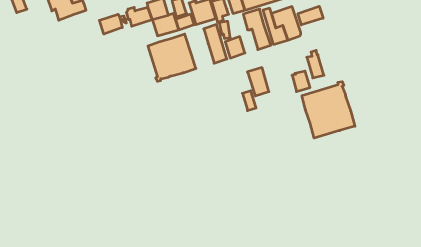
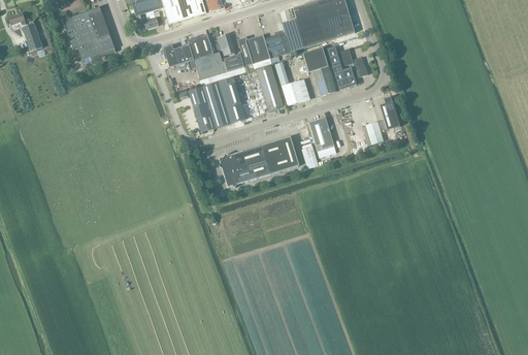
building: [298,6,323,25] -> none
building: [99,14,122,34] -> none
building: [302,82,355,138] -> none
building: none -> [219,136,299,187]

